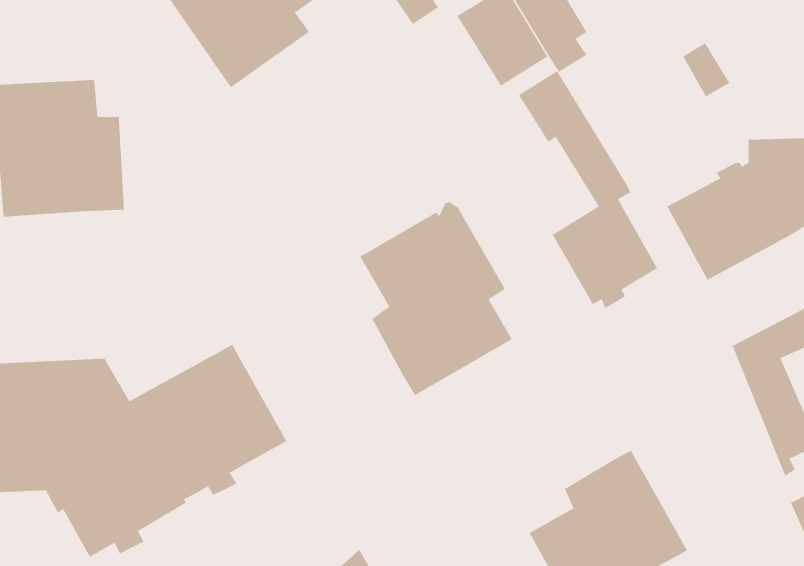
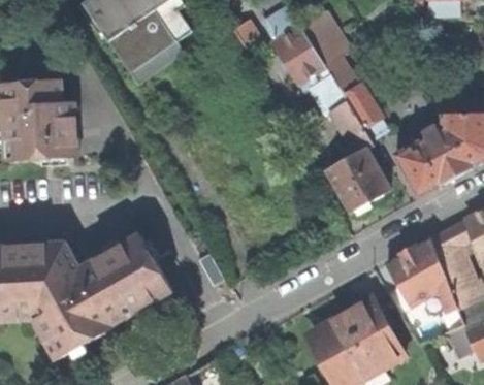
building: none -> [330,65,387,138]
building: [359,201,513,396] -> none
building: none -> [387,234,466,331]

